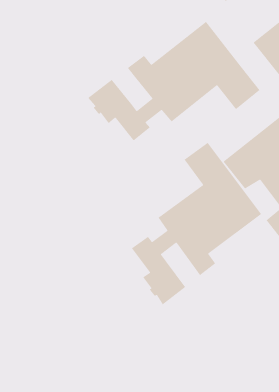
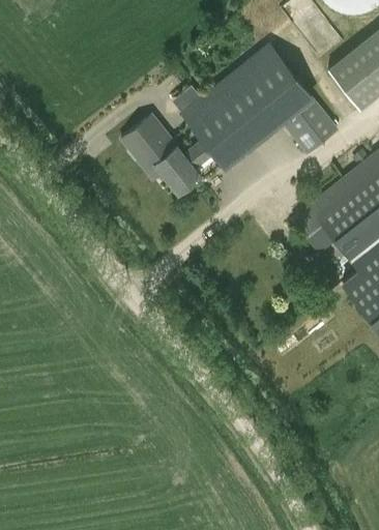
building: [131,142,262,305] -> none

